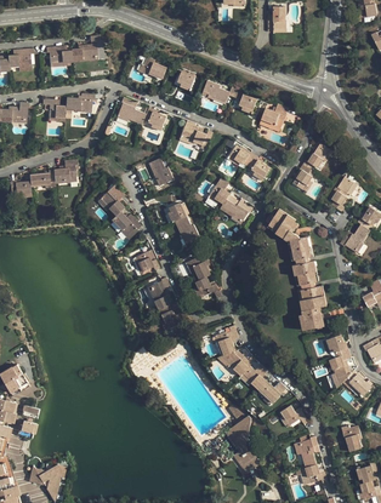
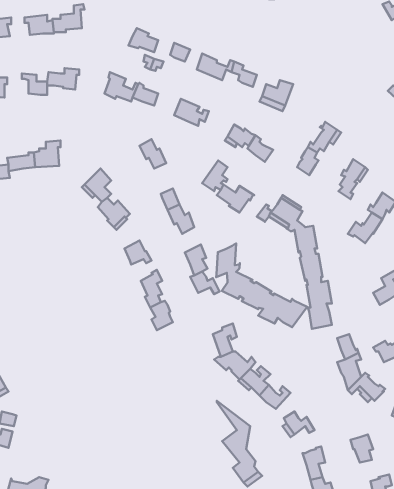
building: none -> [216,243,307,327]

